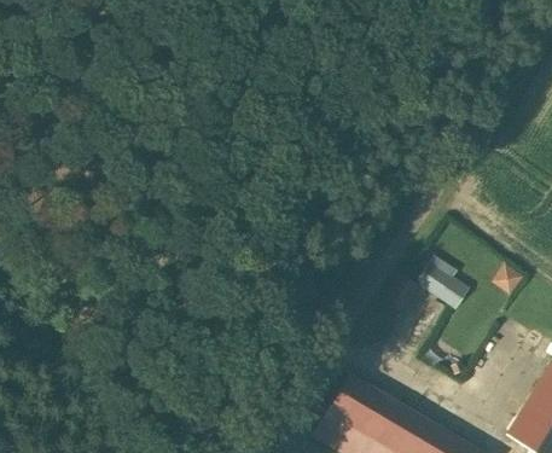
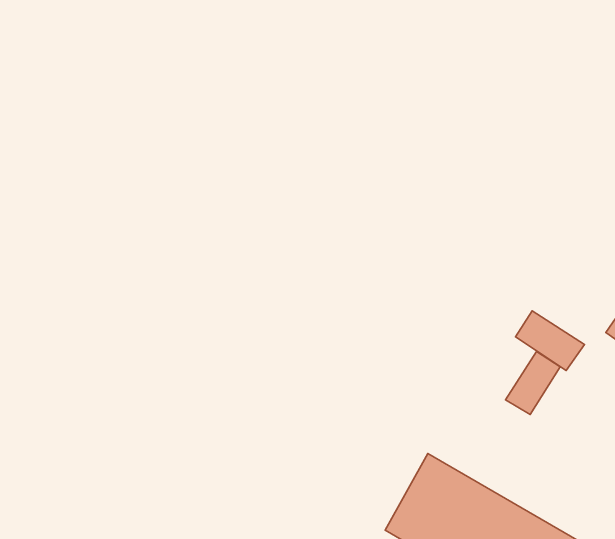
building: none -> [505,352,560,415]

